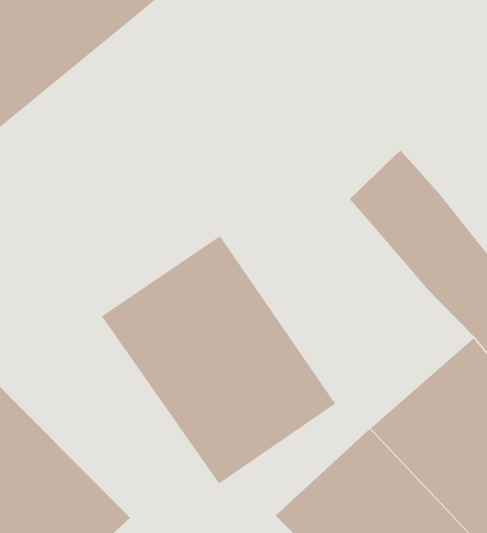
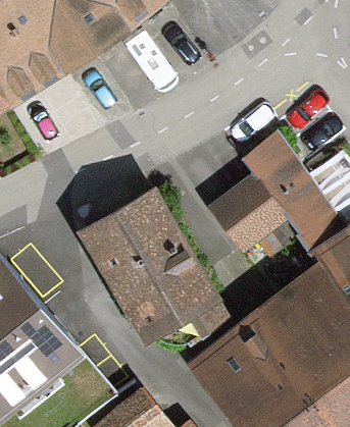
building: none -> [208,175,287,257]

